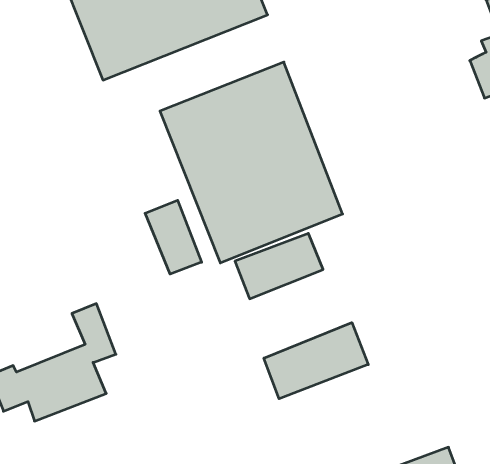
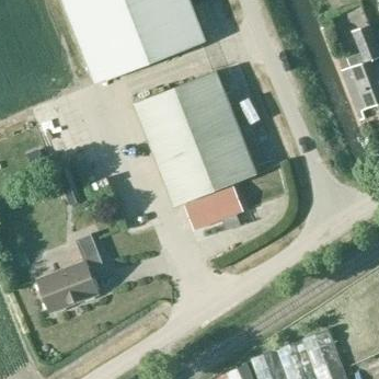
building: [145,200,202,274] -> none
building: [264,323,368,399] -> none

